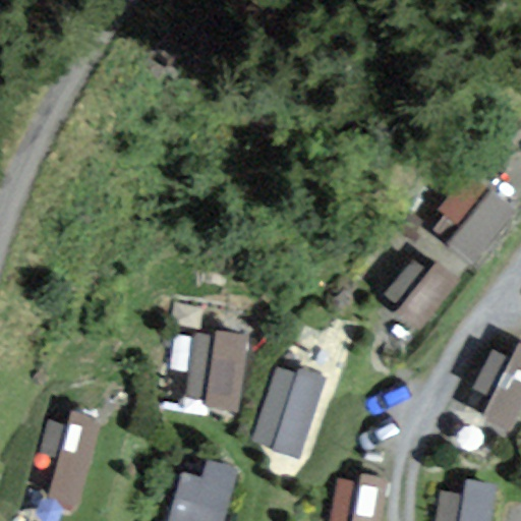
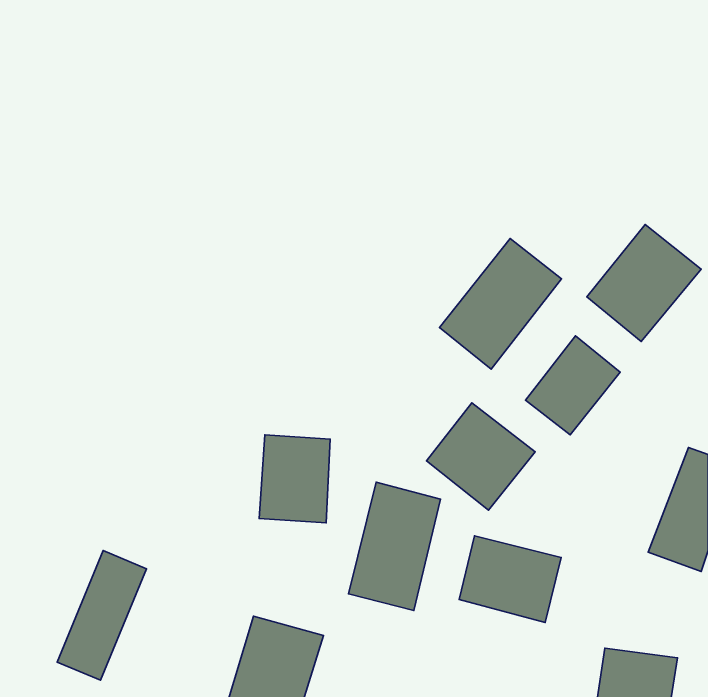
building: none -> [440,239,561,369]
building: none -> [427,403,535,510]
building: none -> [459,536,561,622]

